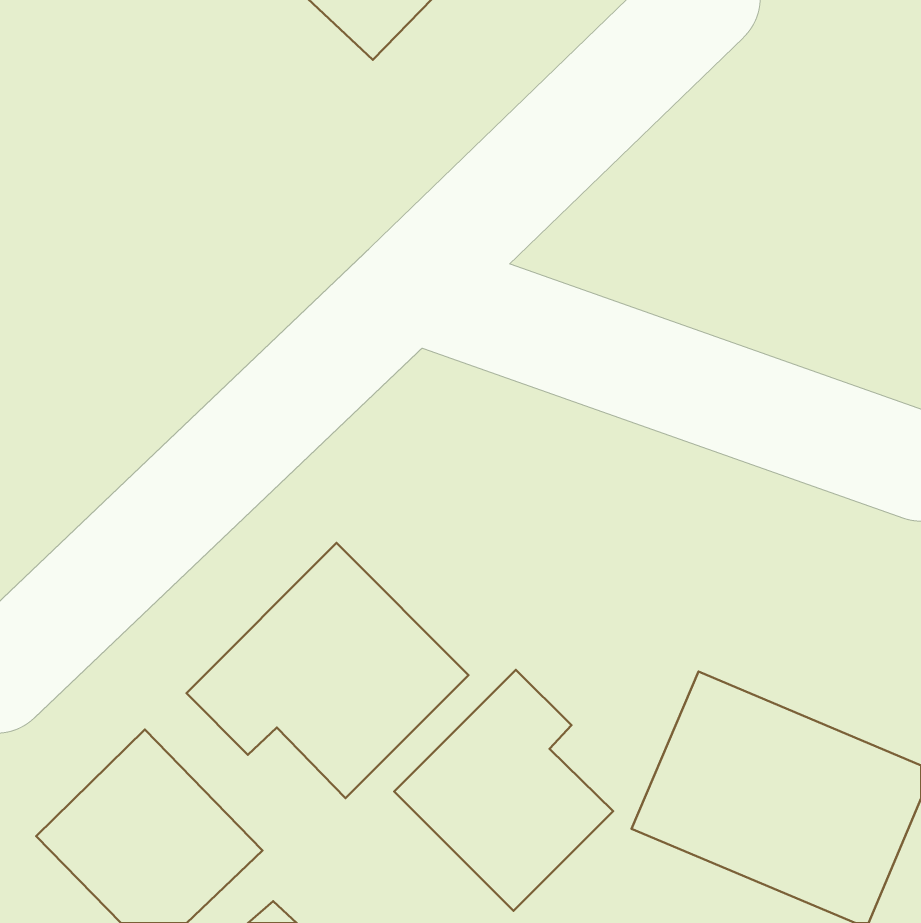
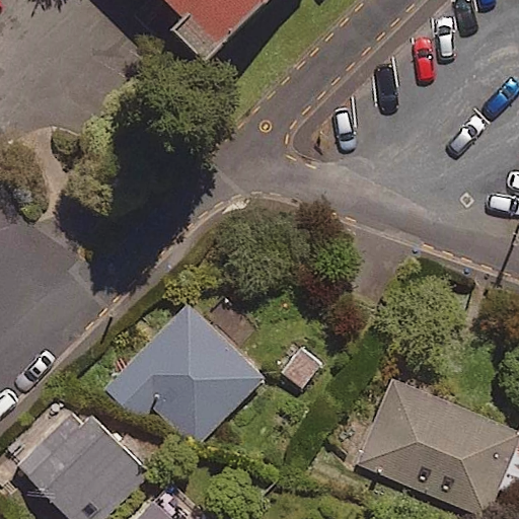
building: [394,670,613,911] -> none

